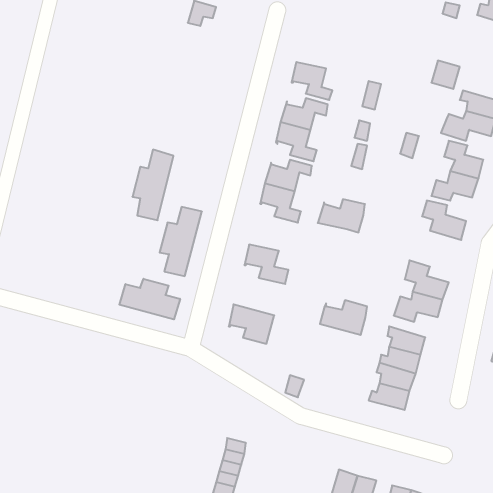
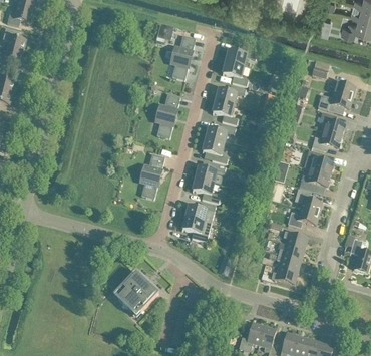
building: none -> [168,35,195,80]
building: none -> [225,46,257,66]
building: [132,150,173,220] -> [153,93,179,138]
building: [318,199,365,232] -> [195,163,225,185]
building: none -> [299,169,330,191]
building: [119,279,180,319] -> none
building: [320,300,367,335] -> [184,202,215,224]
building: none -> [116,271,158,313]

